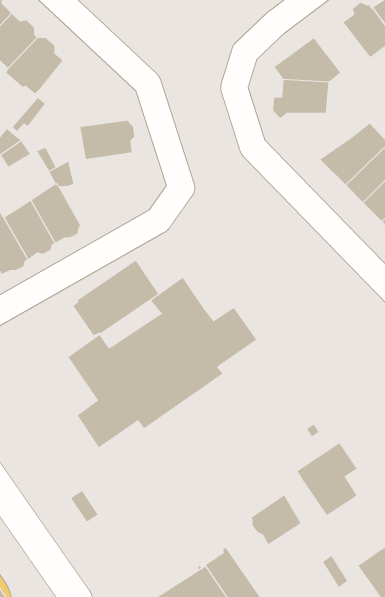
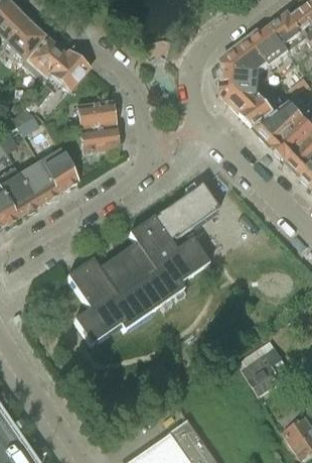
building: none -> [252,25,293,66]
building: none -> [49,50,91,92]
building: none -> [226,93,279,127]
building: none -> [82,122,123,153]
building: [73,260,159,336] -> [155,182,219,238]
building: [250,495,302,545] -> none

